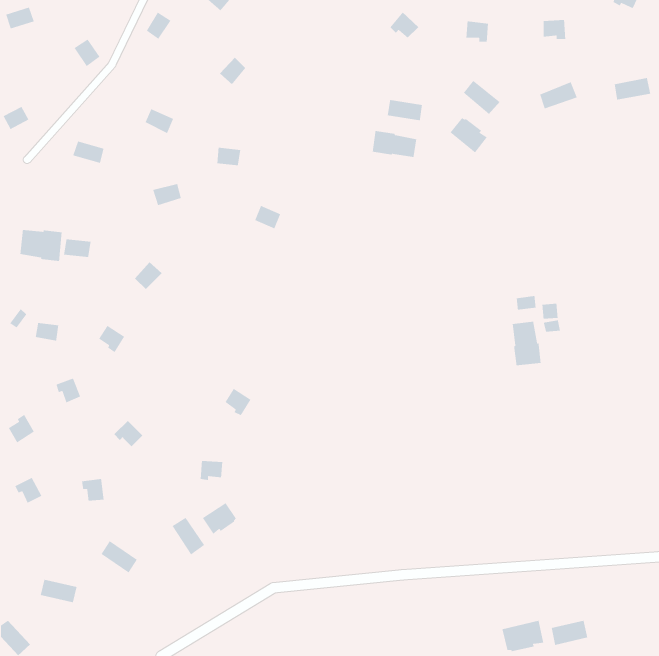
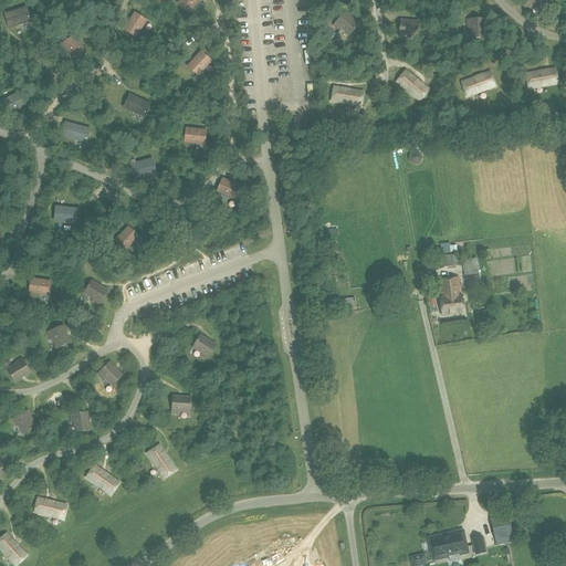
building: [450,117,488,153] -> none
building: [372,130,417,158] -> none
building: [20,229,63,262] -> none
building: [202,502,237,535] -> none

